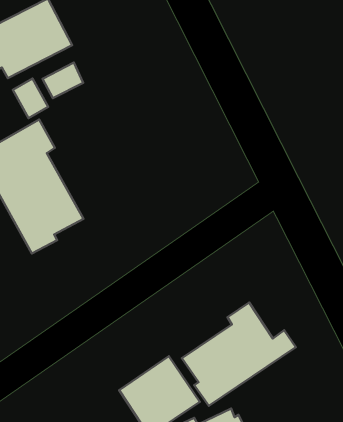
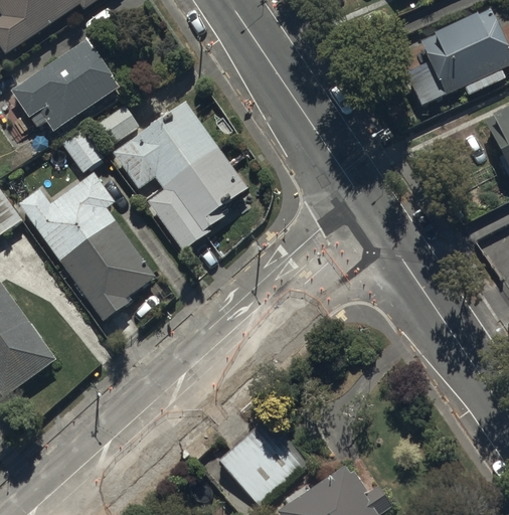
building: none -> [111,101,247,253]
building: [182,303,296,406] -> none

